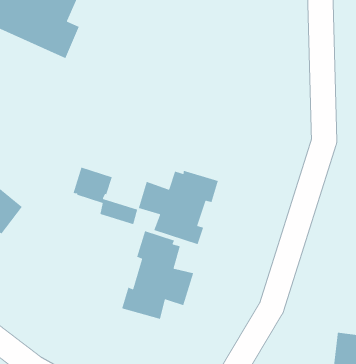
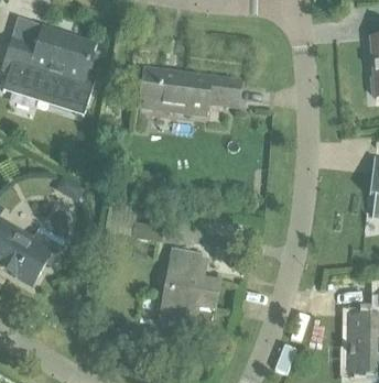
building: none -> [140,67,240,113]
building: [138,170,219,245] -> none

